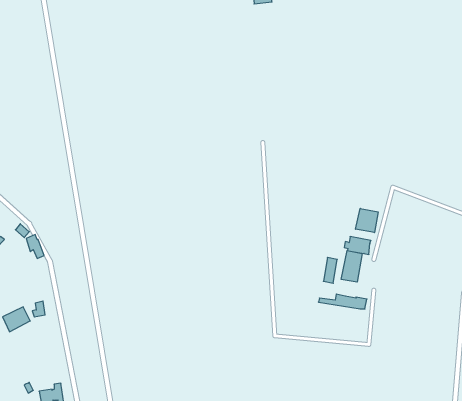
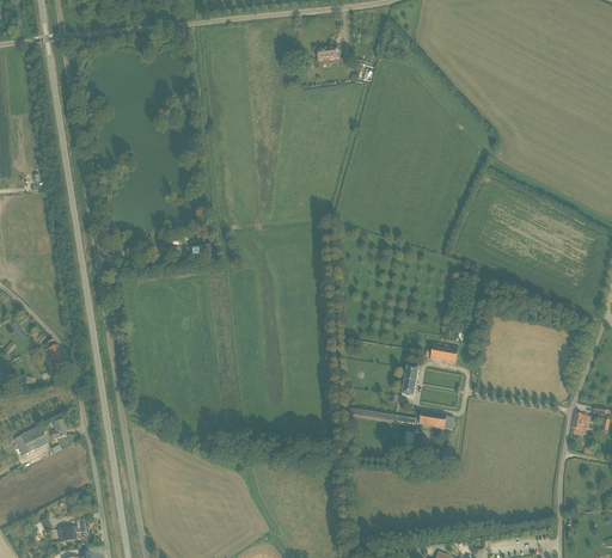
building: [356,208,378,233] -> none
building: [341,251,362,282] -> none

